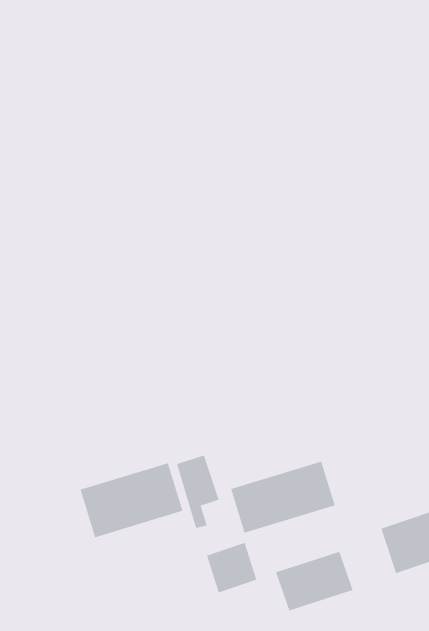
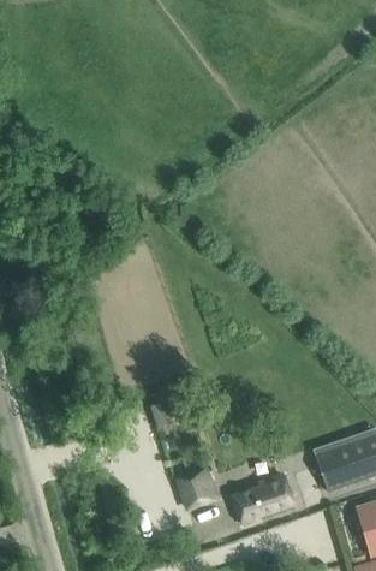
building: [230,461,335,533] -> none
building: [80,462,183,538] -> none

